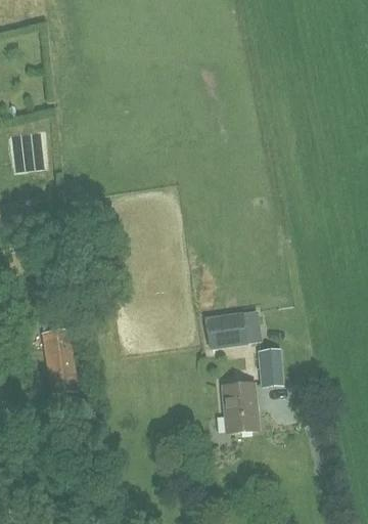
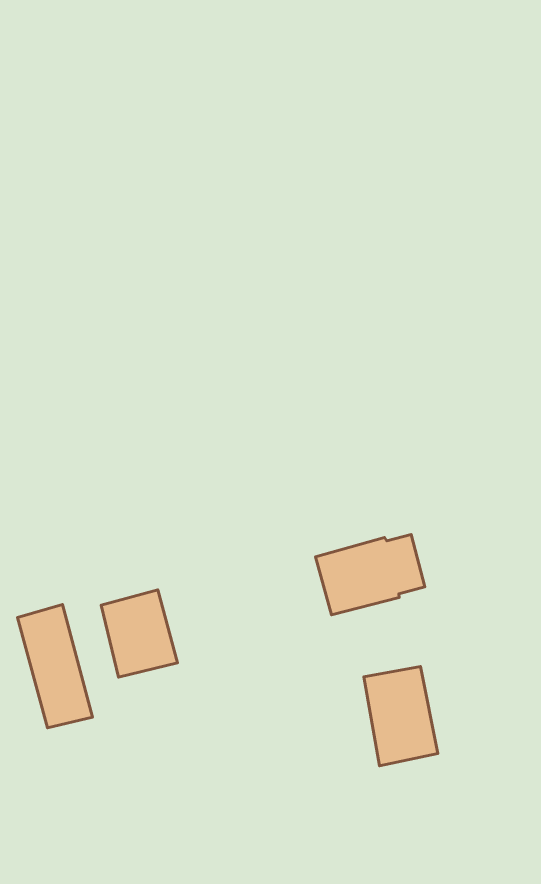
building: none -> [101,590,178,677]
building: [259,348,282,385] -> none

